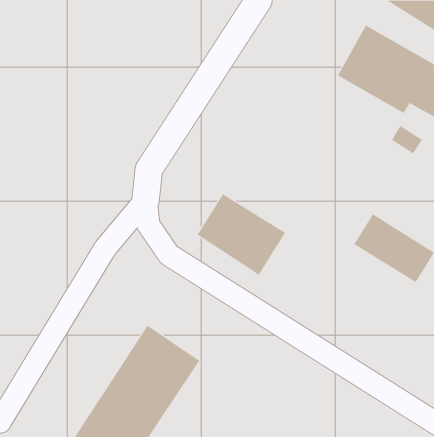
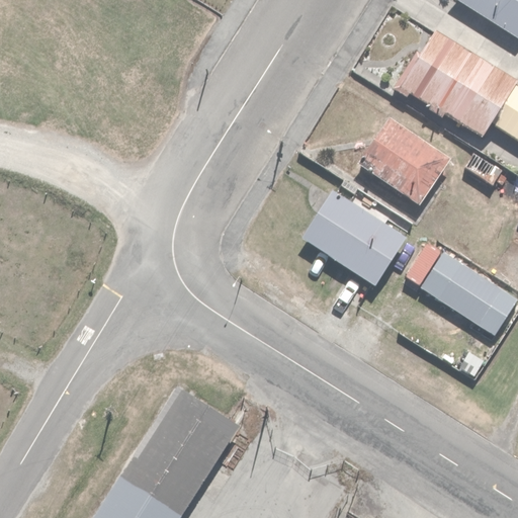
building: none -> [359,117,449,202]
building: [197,193,286,276] -> [301,188,407,285]

